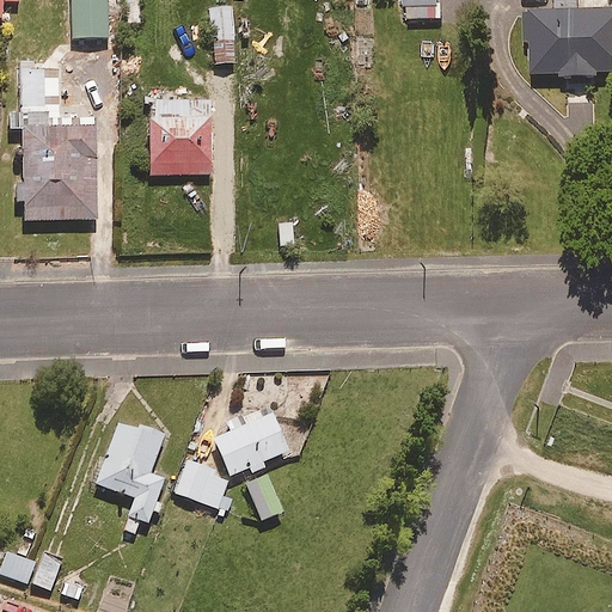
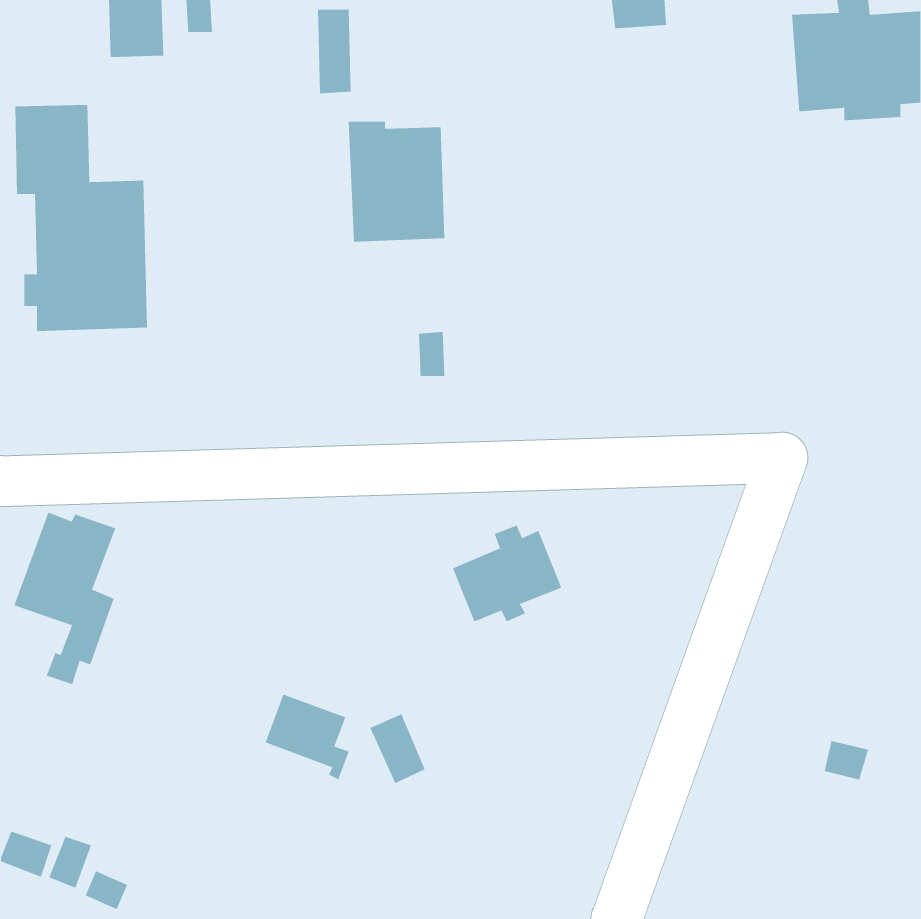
building: [147,94,212,175] -> [348,121,445,242]
building: [215,409,288,473] -> [452,525,562,622]
building: [97,421,165,536] -> [13,512,116,685]

